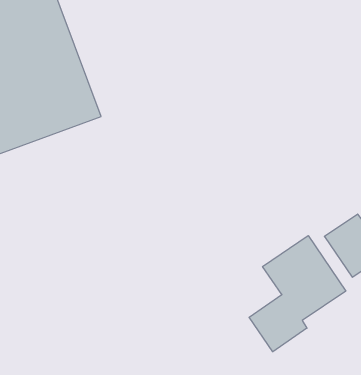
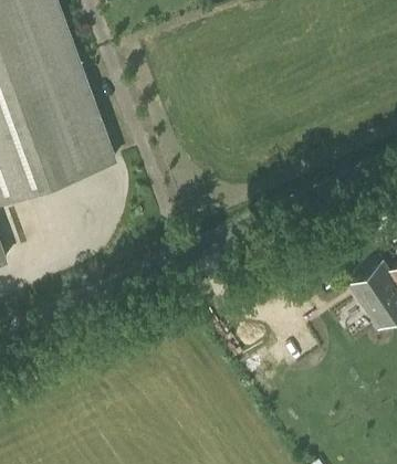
building: [249,236,346,352] -> none

